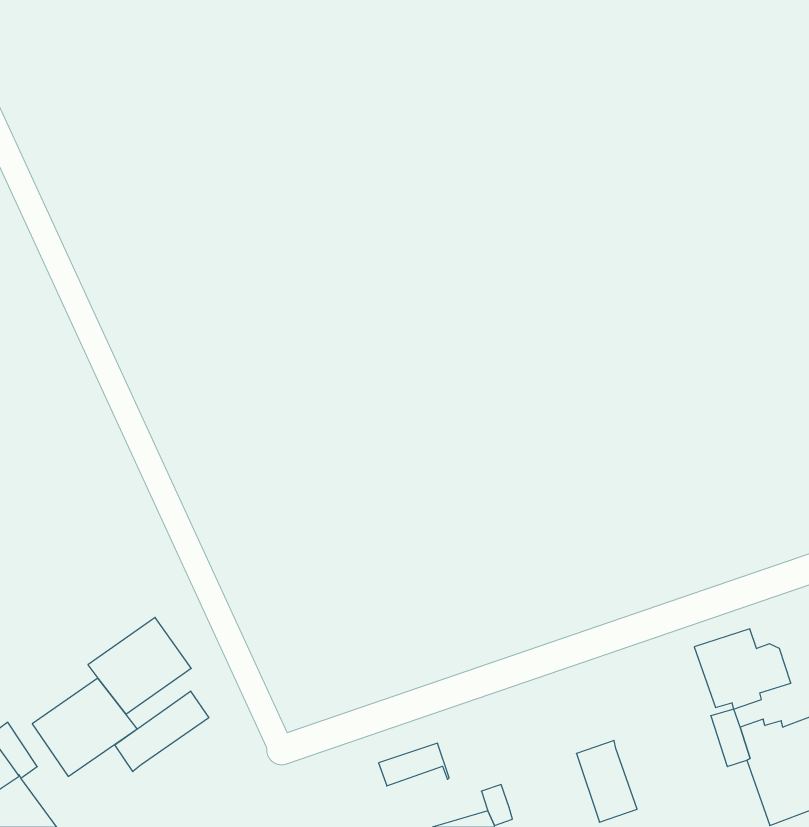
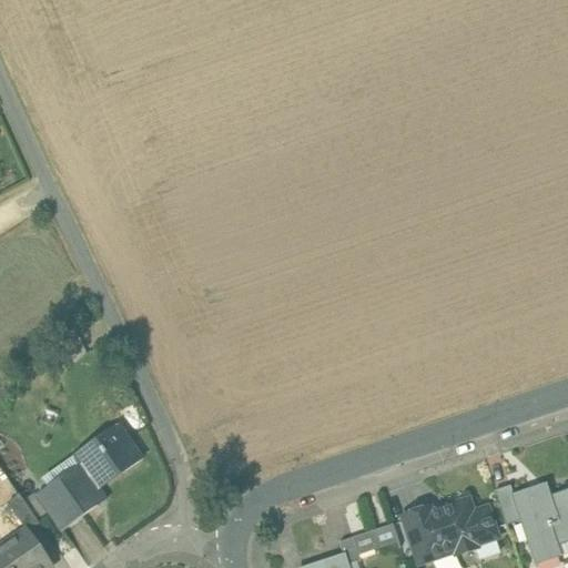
building: [694,629,791,709] -> [430,499,496,554]
building: [115,691,209,772] -> none
building: [379,743,449,786] -> [353,523,400,551]

